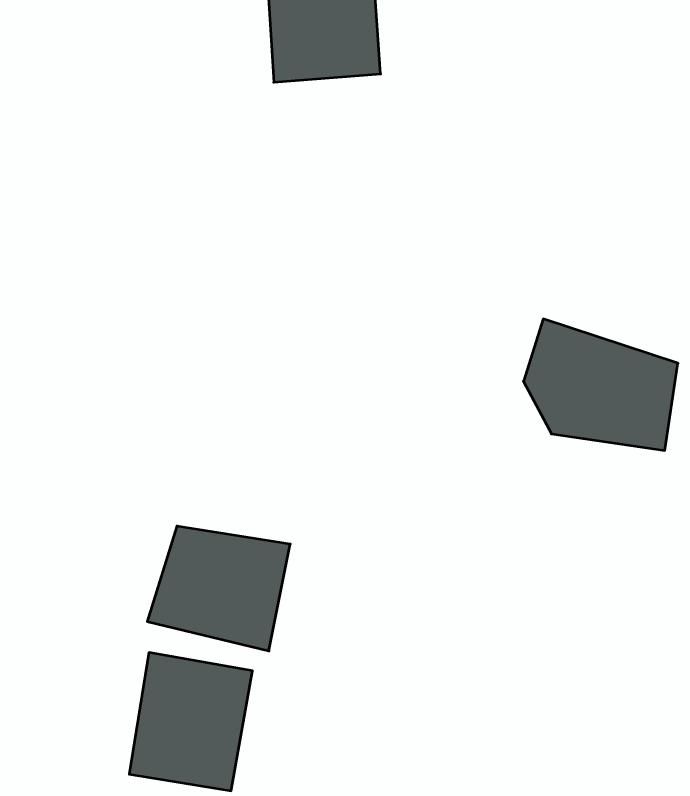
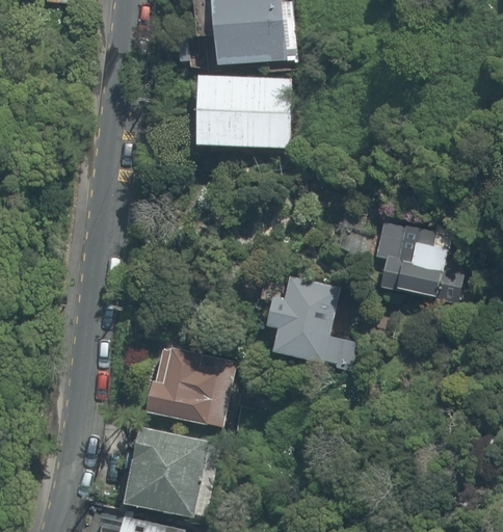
building: none -> [200,79,286,151]
building: none -> [266,277,353,365]

